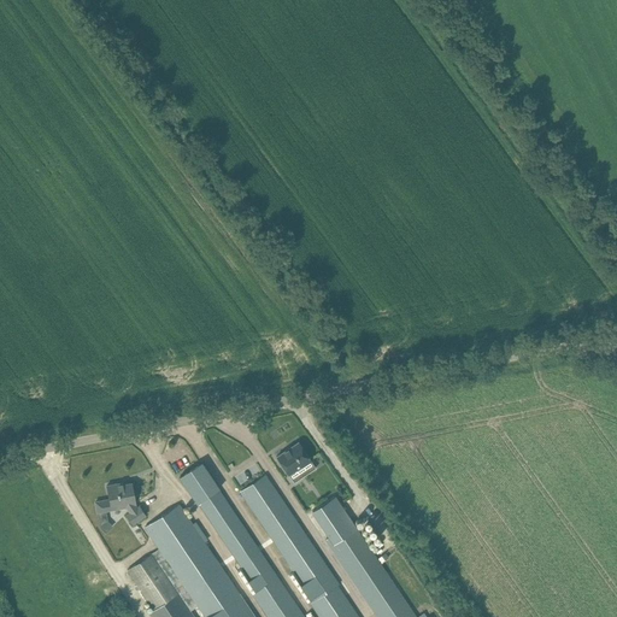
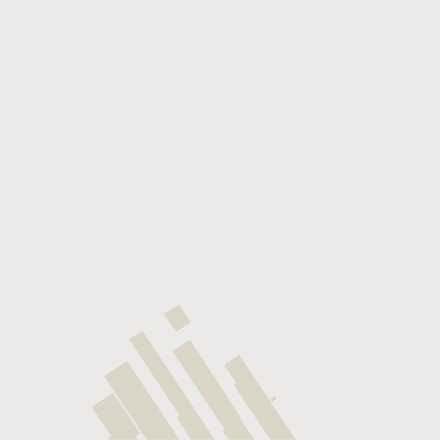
building: [276,442,316,483] -> [163,304,191,333]
building: [95,483,145,524] -> none

